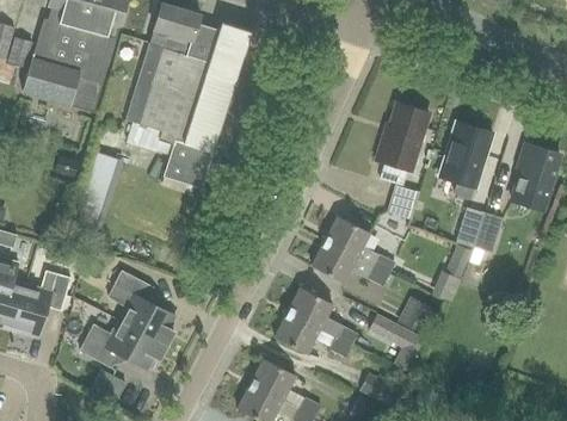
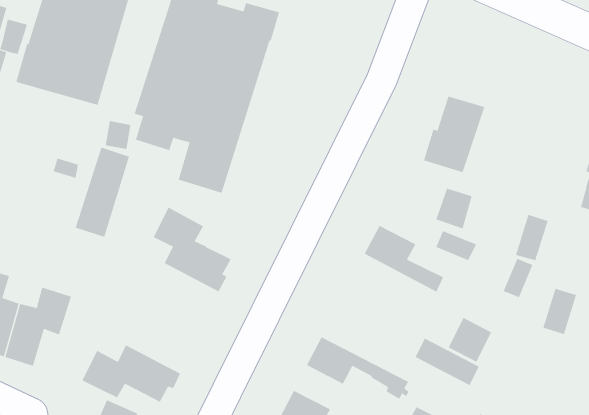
building: [439,122,493,187] -> none
building: [474,212,504,253] -> [542,288,577,335]
building: [312,241,388,285] -> none
building: [109,271,177,345] -> [153,207,231,292]
building: [288,287,359,346] -> none

